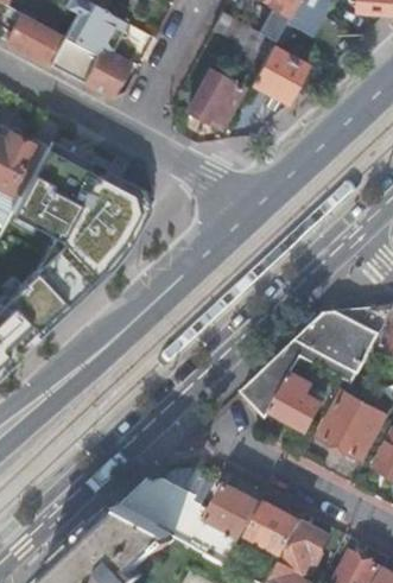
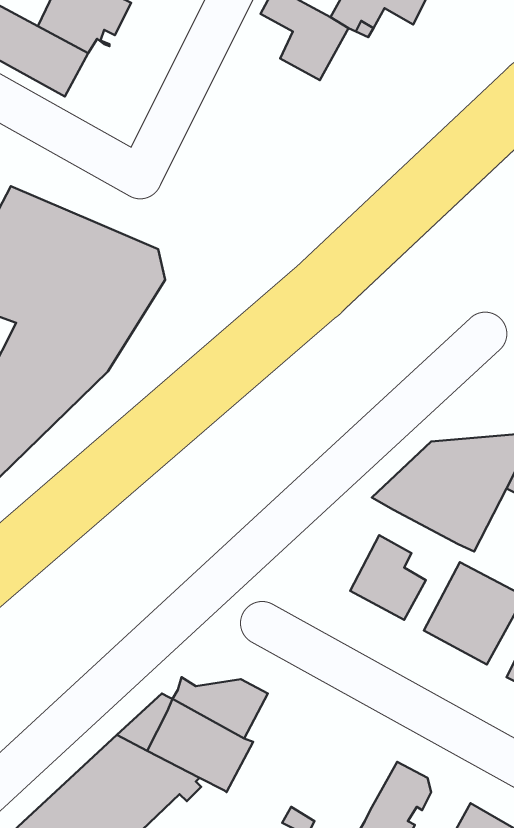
building: [83,45,127,97] -> none
building: [252,46,308,101] -> none
building: [189,69,243,127] -> none
building: [243,348,300,419] -> none
building: [208,483,260,537] -> none
building: [248,501,303,555] -> none

